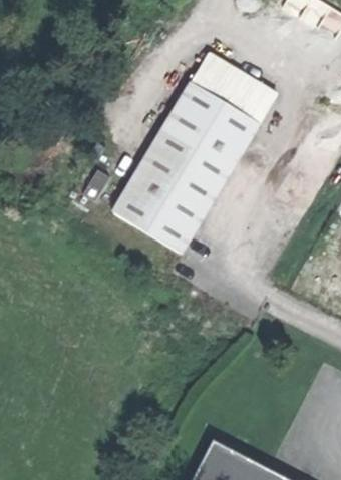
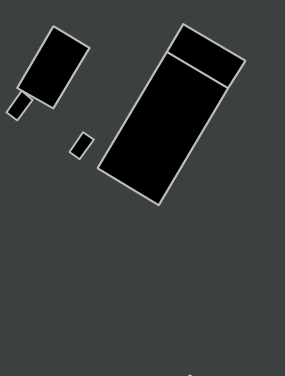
building: none -> [17,26,90,108]

